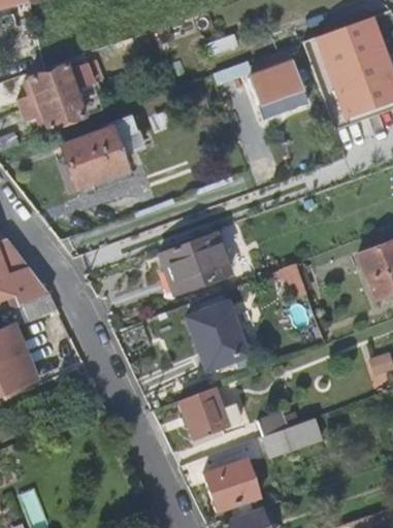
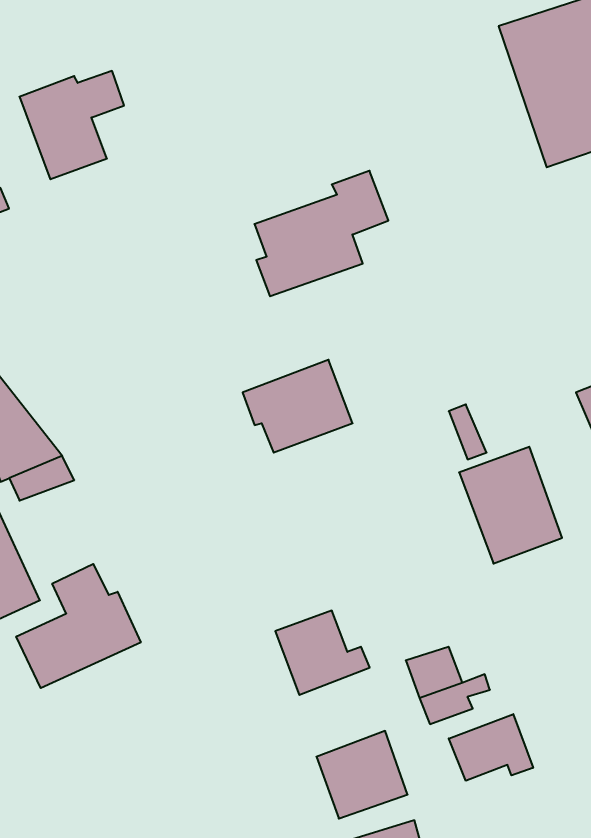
building: [248,61,307,121] -> none
building: [60,113,140,189] -> [254,171,388,296]
building: [187,300,249,370] -> [459,447,562,564]
building: none -> [16,564,141,688]
building: none -> [449,714,533,781]

